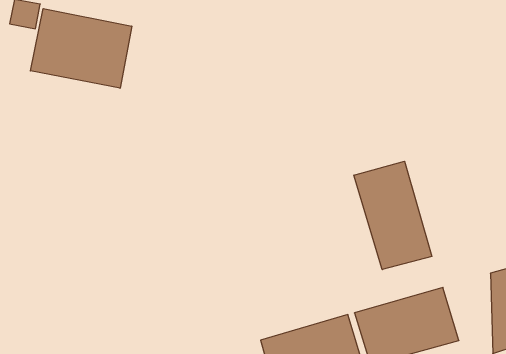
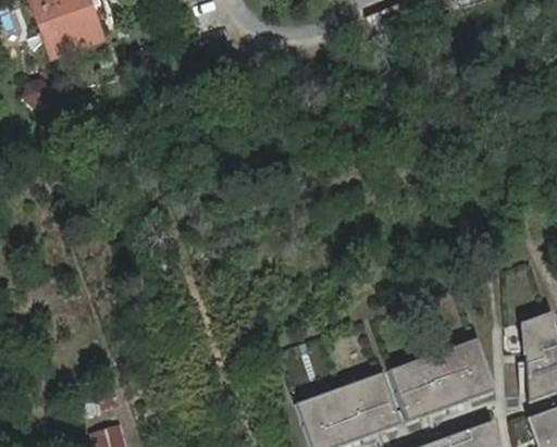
building: [30,9,132,88] -> none
building: [354,161,432,270] -> none

